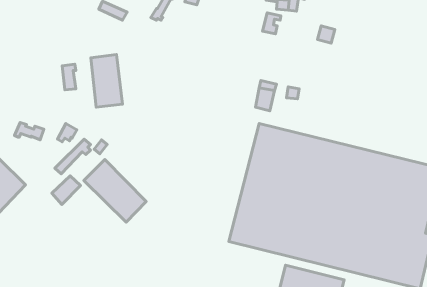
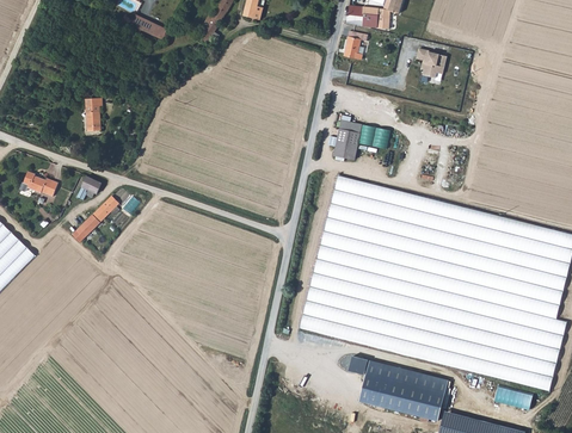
building: [91,55,122,107] -> none
building: [84,160,146,222] -> none
building: [52,176,81,204] -> none

